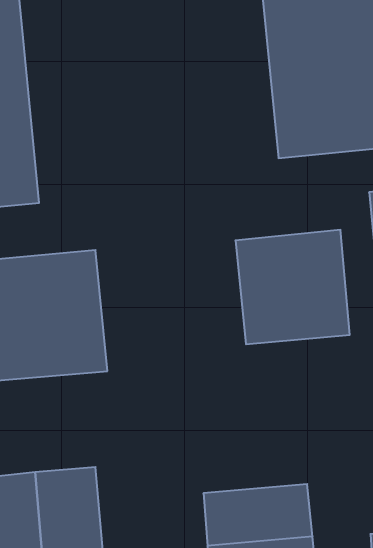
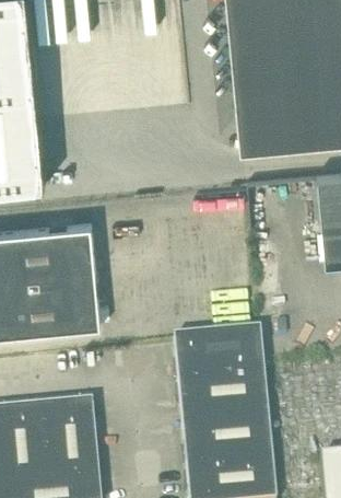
building: [235,230,350,344] -> [172,333,267,428]

